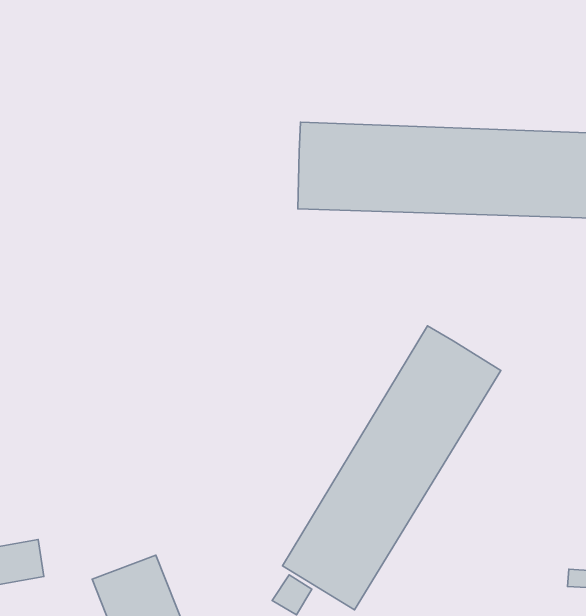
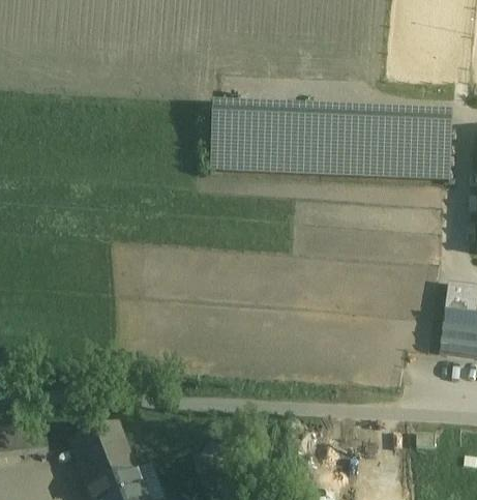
building: [282,326,501,610] -> none

